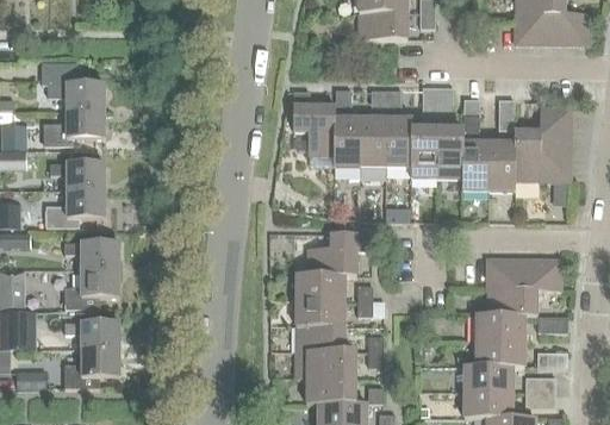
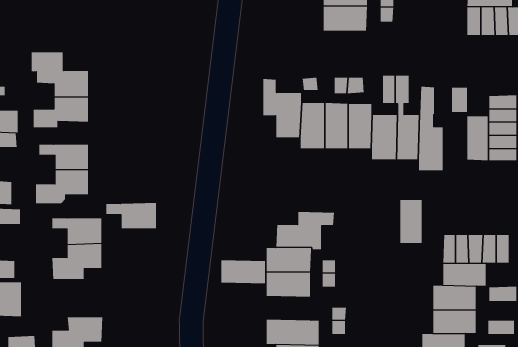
building: [488,142,513,189] -> [399,200,422,244]
building: [63,319,119,348] -> [105,202,157,229]
building: [295,325,344,351] -> [221,260,266,284]

